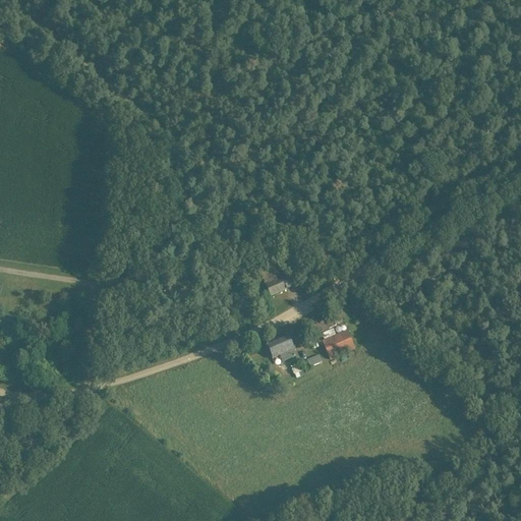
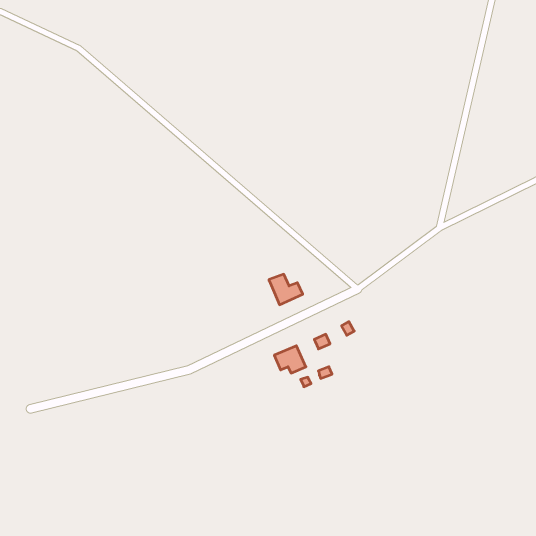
building: [323,328,356,359] -> none

